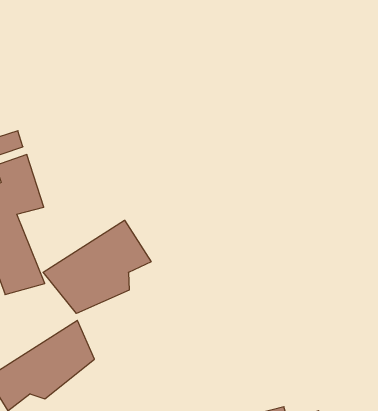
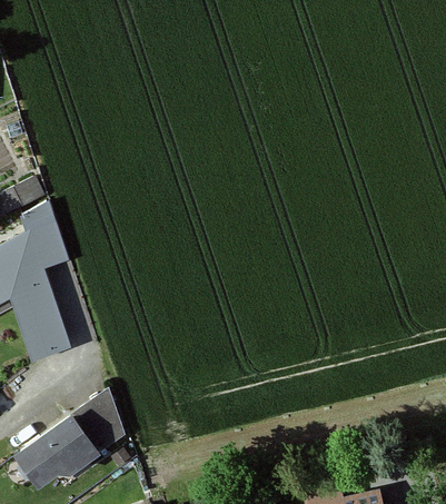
building: [43,220,151,313] -> none

